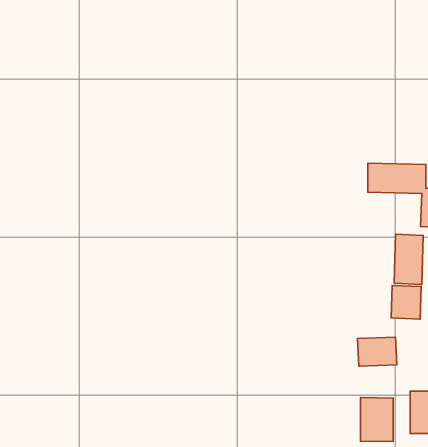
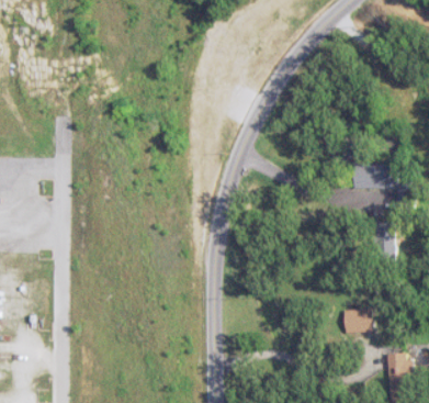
building: [391,286,421,319] -> none
building: [360,398,393,441] -> none

